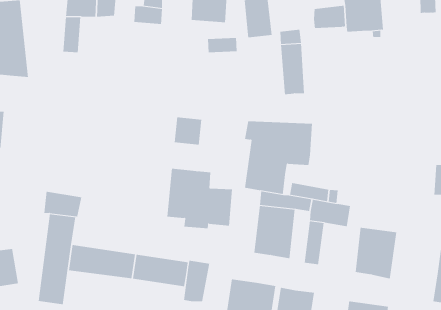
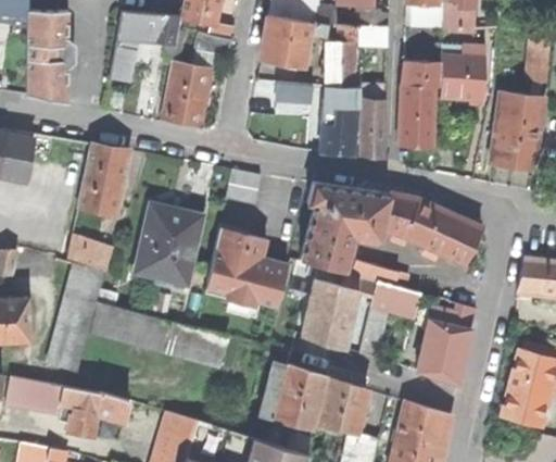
building: none -> [491,92,544,170]
building: none -> [397,85,435,148]
building: none -> [162,62,211,128]
building: none -> [321,87,357,155]
building: none -> [79,145,128,216]
building: none -> [382,195,482,265]
building: none -> [135,203,202,288]
building: none -> [429,302,478,332]
building: [184,260,210,302] -> none

